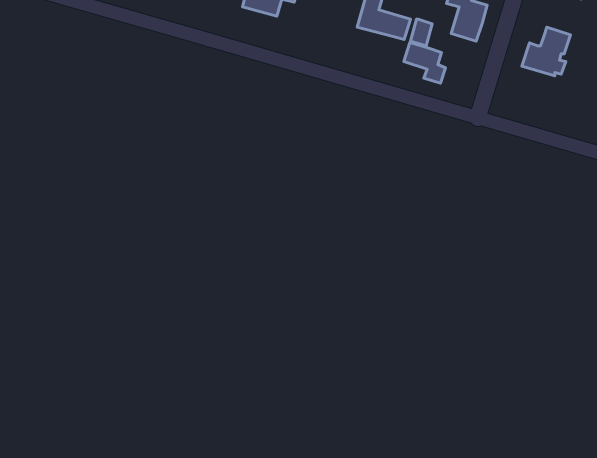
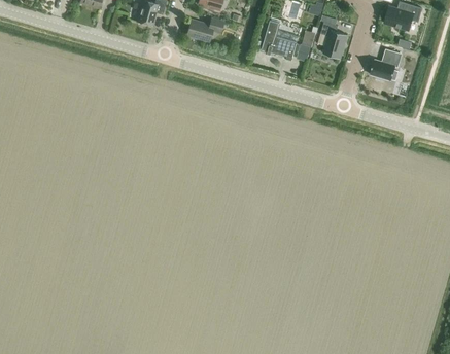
building: [404,42,445,83] -> none

